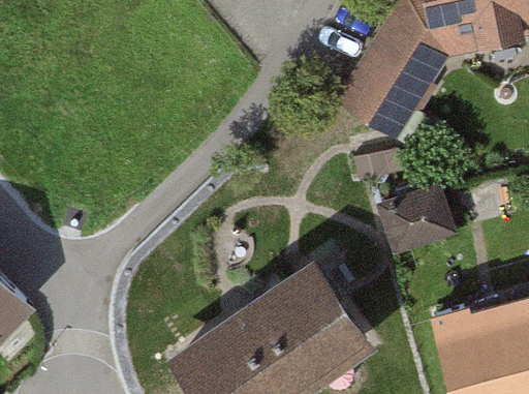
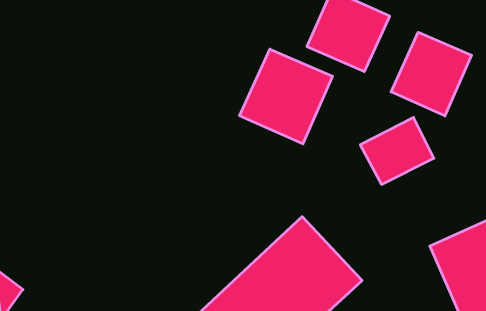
building: none -> [240,49,333,144]
building: none -> [391,32,472,116]

